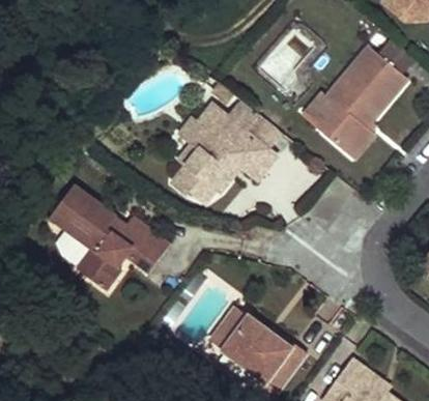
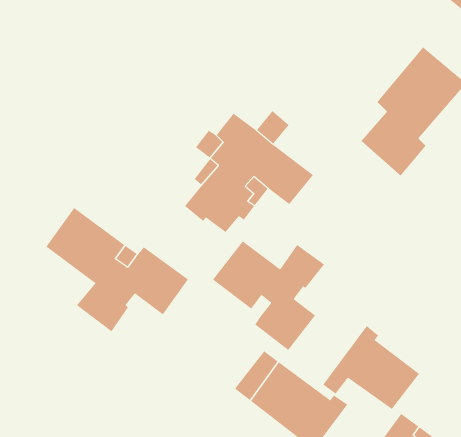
building: none -> [212,241,325,351]
building: none -> [323,325,420,410]

